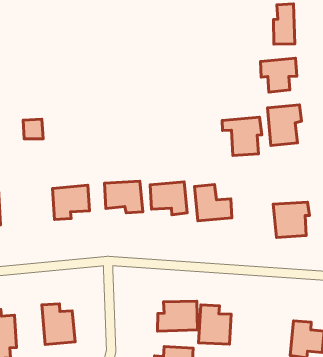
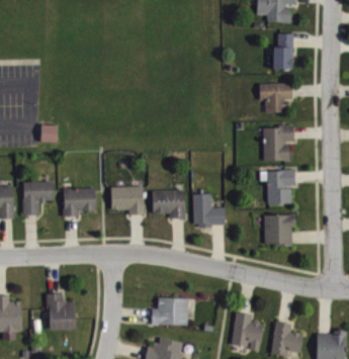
building: [222,117,262,156] -> [260,170,295,203]
building: none -> [23,181,54,215]
building: [199,305,231,344] -> [232,311,263,349]

